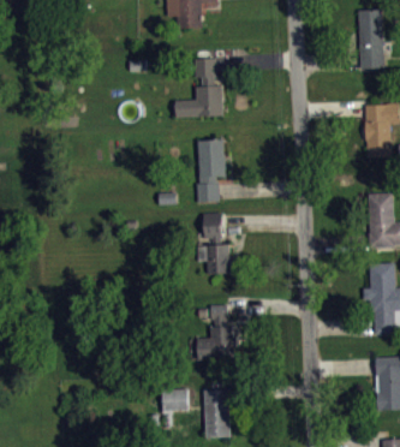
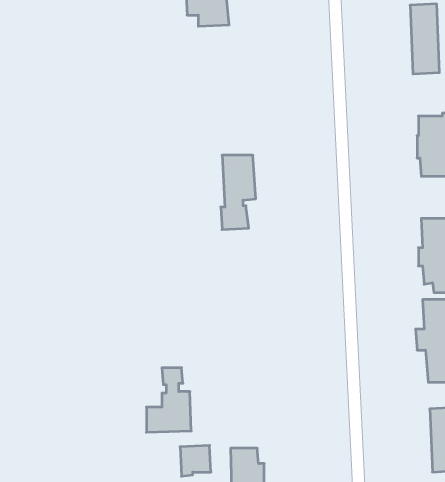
building: [175,58,232,115] -> none
building: [198,213,231,273] -> none
building: [198,304,237,359] -> [146,368,191,432]

